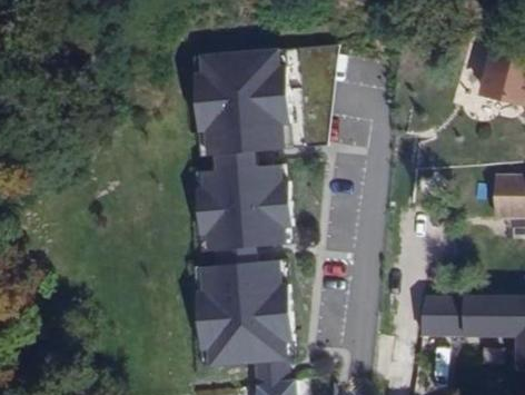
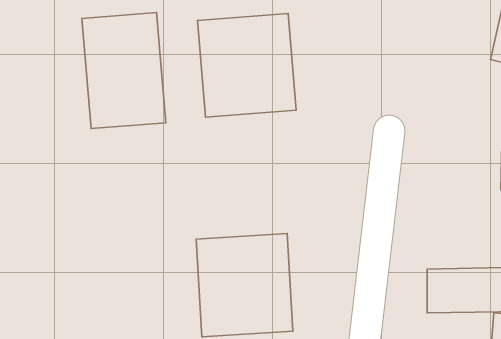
building: none -> [82,13,166,129]
building: [197,158,291,251] -> none

